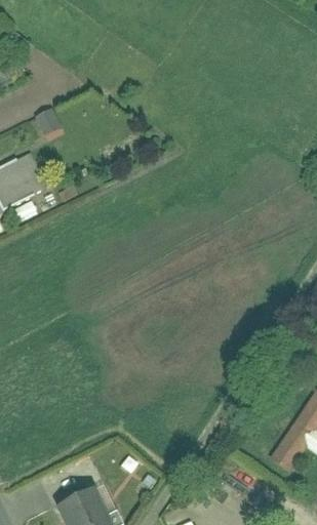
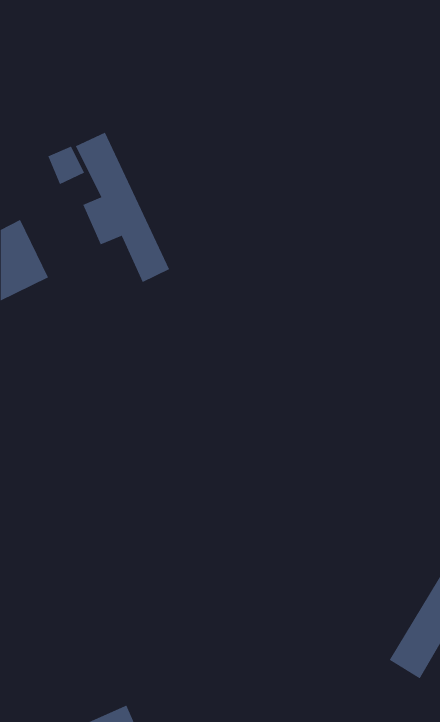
building: none -> [75,132,170,283]

